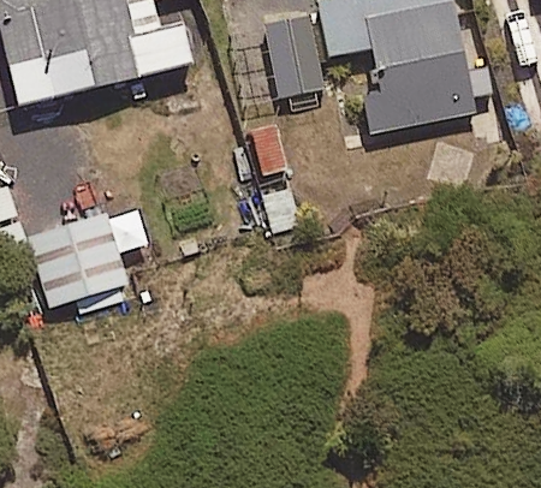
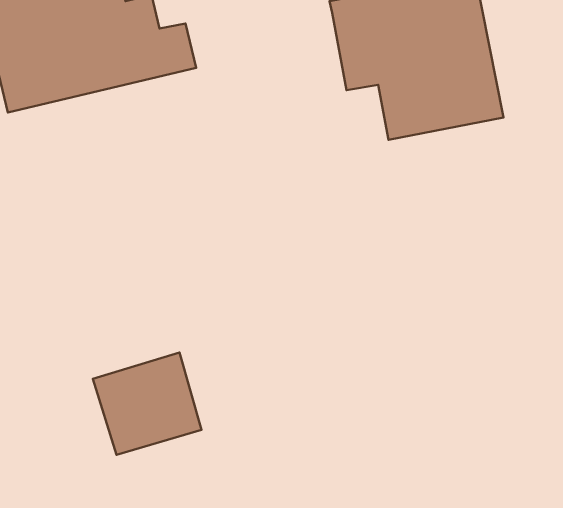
building: [258,14,332,97] -> none
building: [29,213,129,307] -> [93,353,202,455]

